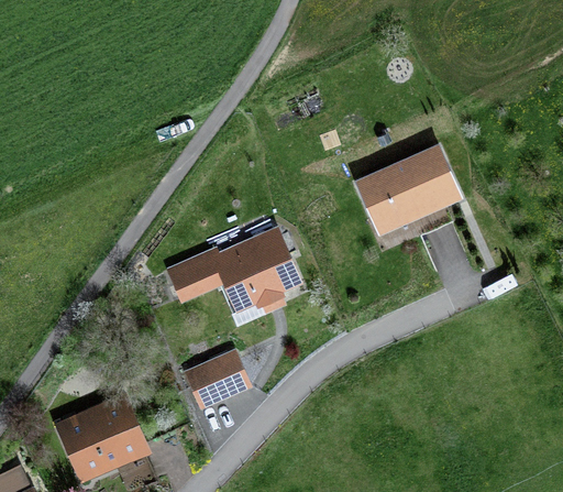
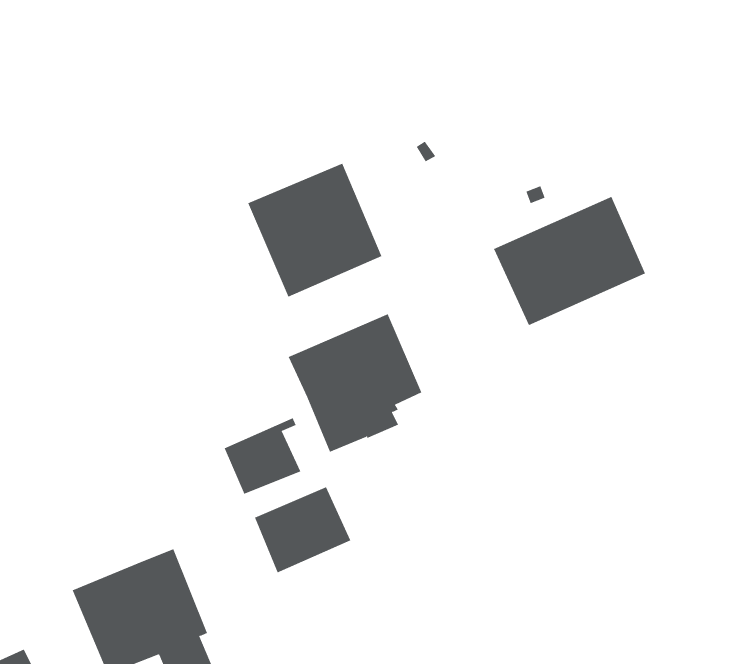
building: none -> [247,163,382,297]
building: [165,247,220,302] -> [224,417,301,495]

